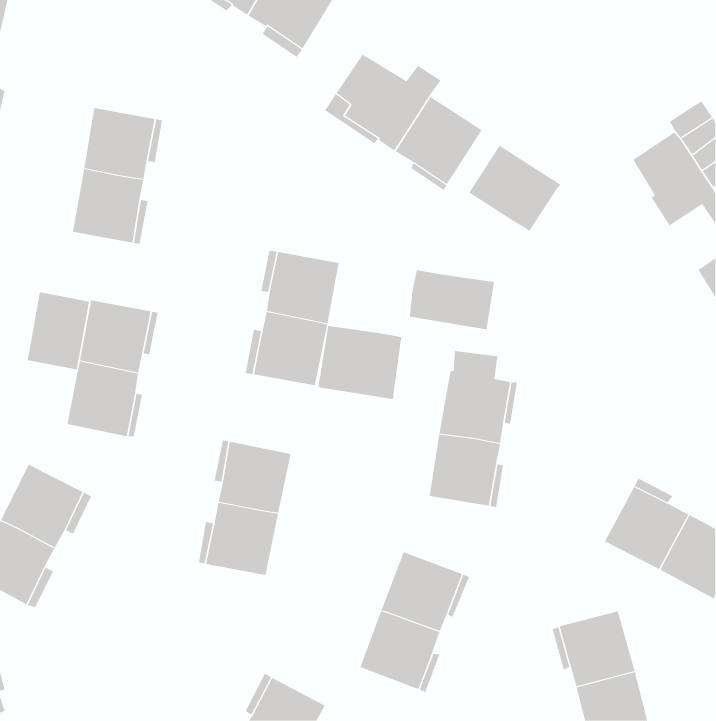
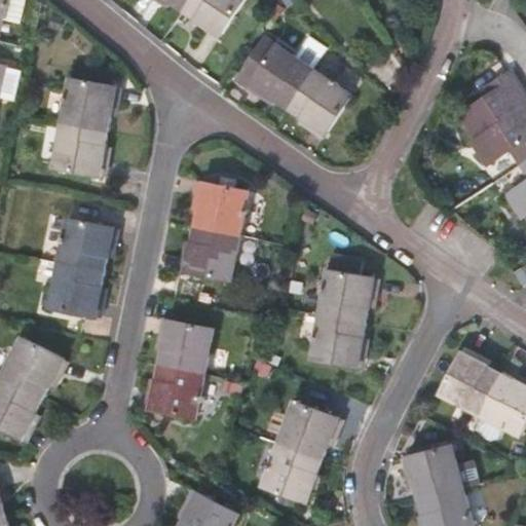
building: [469,145,561,231] -> none
building: [409,269,495,330] -> none
building: [27,291,90,370] -> none
building: [318,325,402,400] -> none

